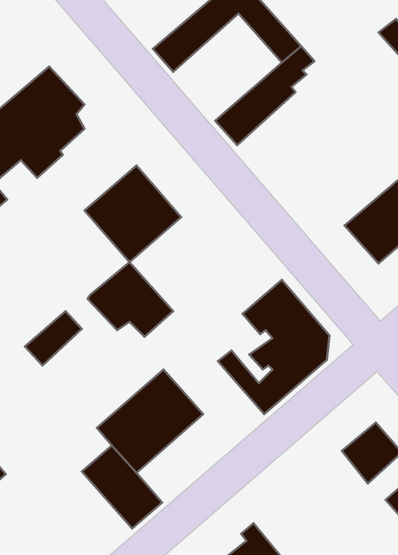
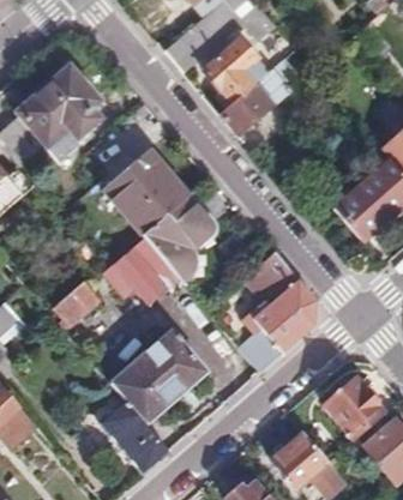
building: none -> [203,35,263,102]
building: none -> [142,197,213,283]
building: none -> [273,430,330,486]

